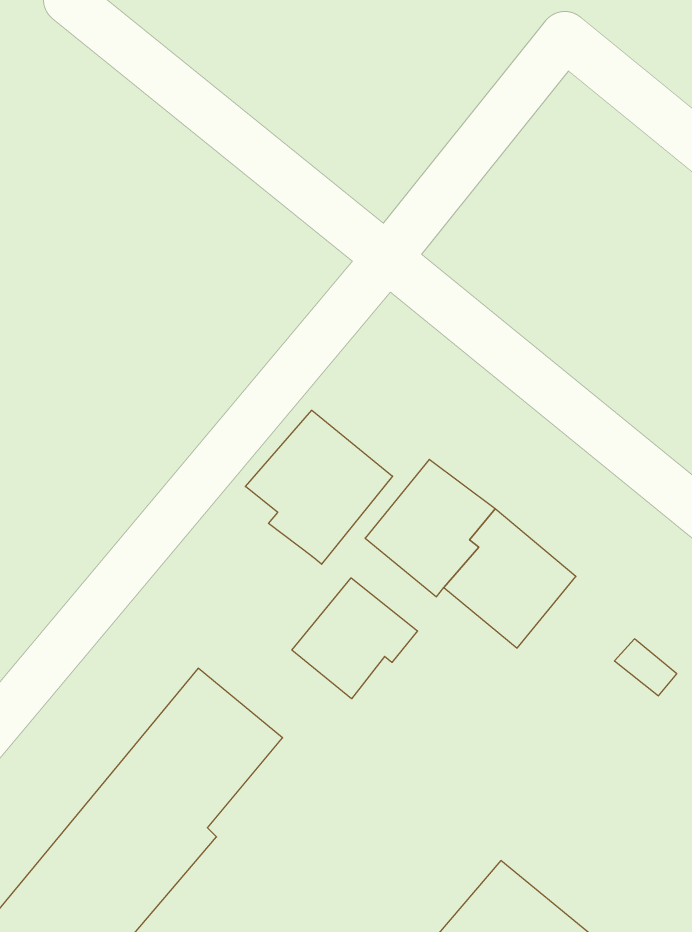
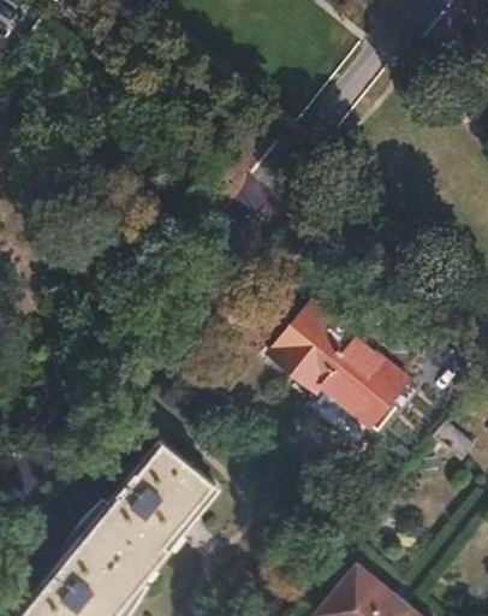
building: [245,410,393,564] -> none
building: [292,578,418,699] -> none

